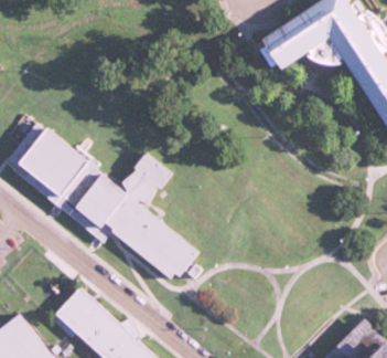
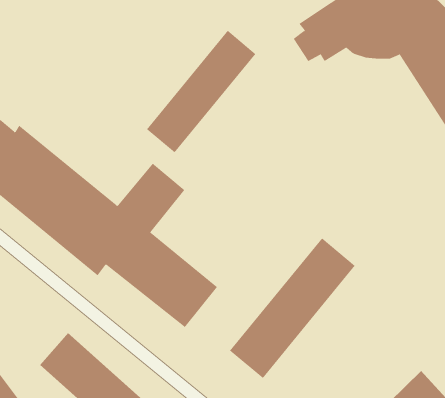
building: none -> [146,30,256,153]
building: none -> [229,238,356,379]

